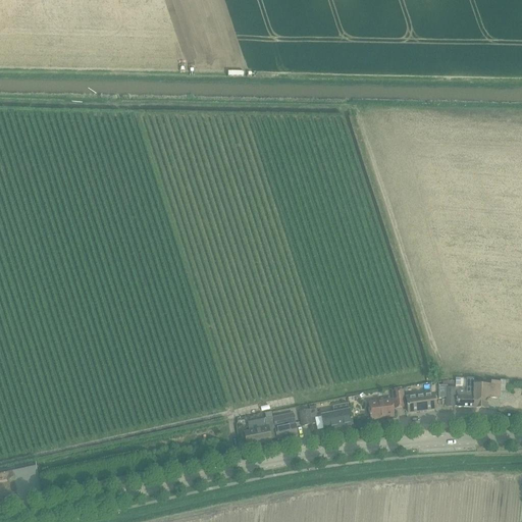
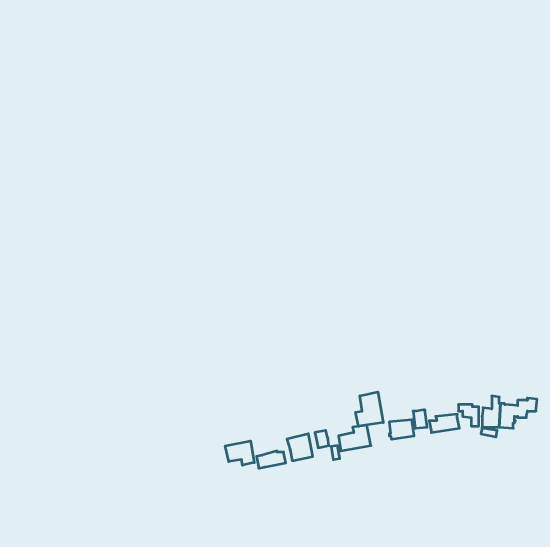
building: none -> [356,392,383,426]
building: none -> [225,441,254,465]

